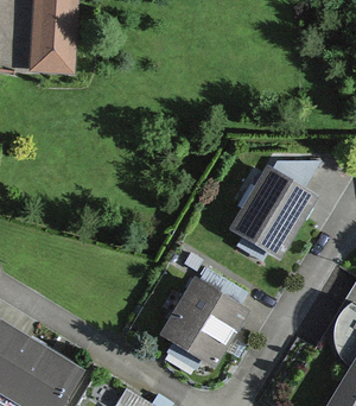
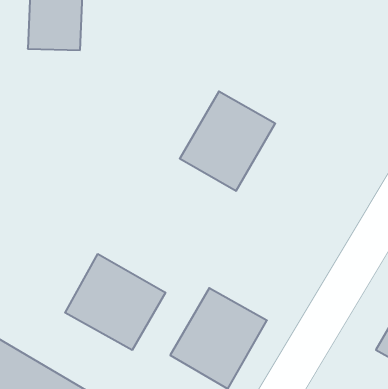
building: [230,170,314,258] -> [180,91,275,191]
building: none -> [65,254,165,350]

